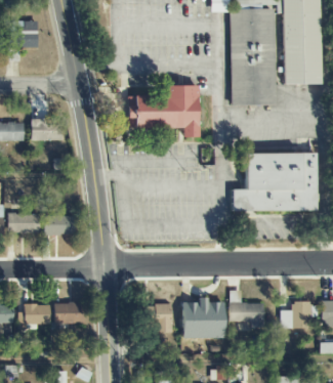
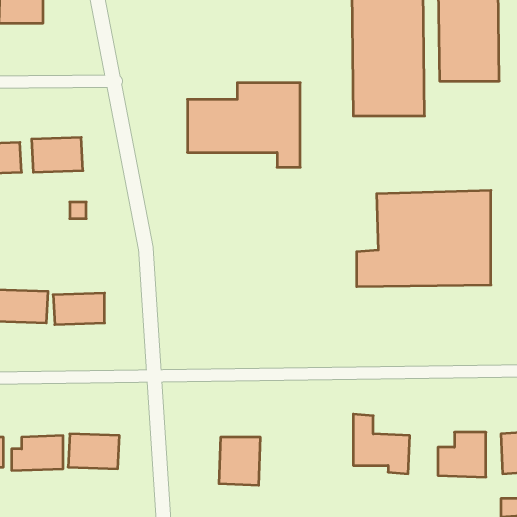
building: [182,297,224,338] -> none

